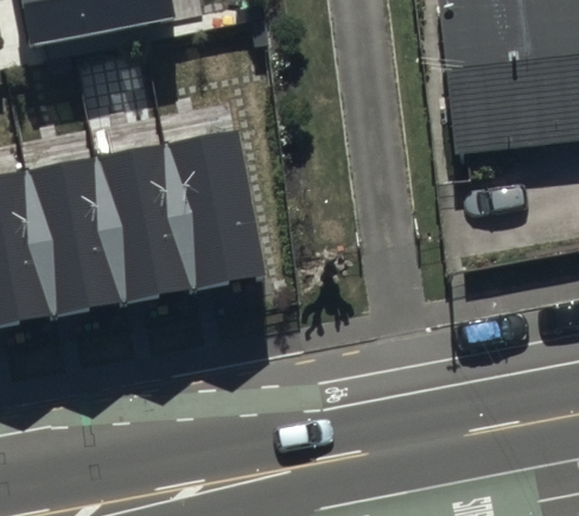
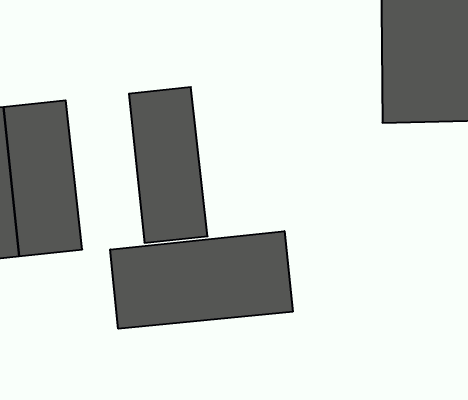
building: [96,140,197,318] -> none
building: none -> [110,231,293,329]

